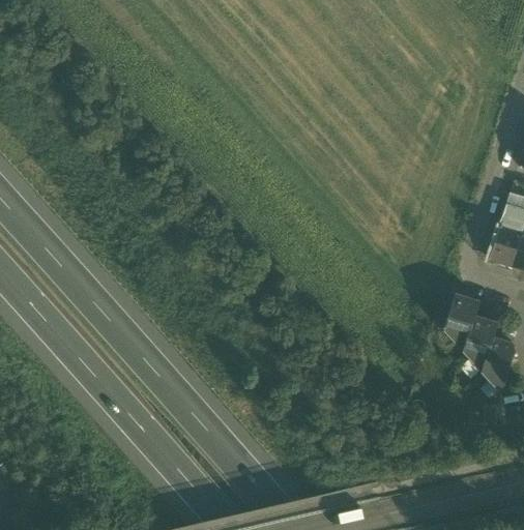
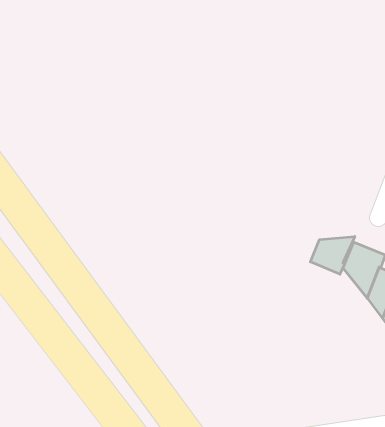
building: none -> [310,236,355,274]

